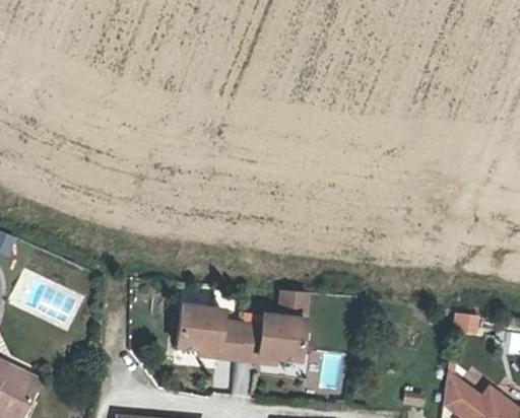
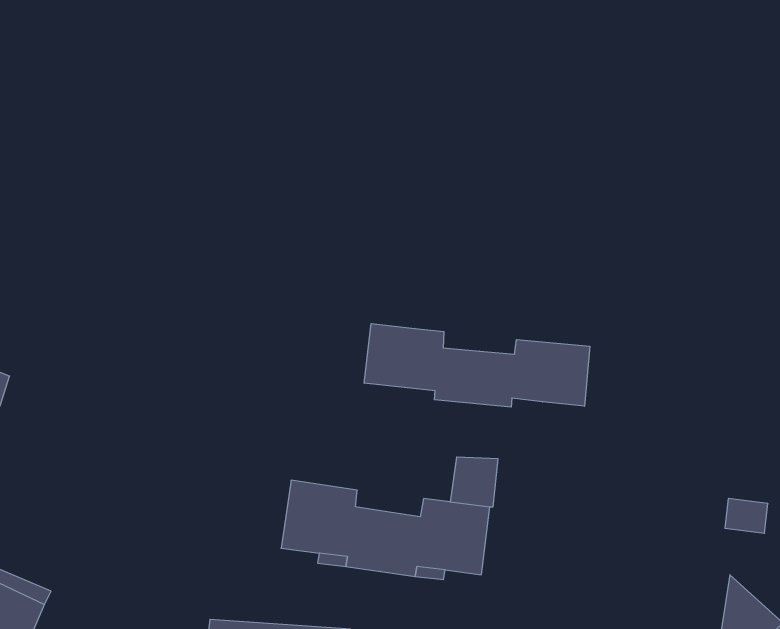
building: none -> [364,324,590,407]

